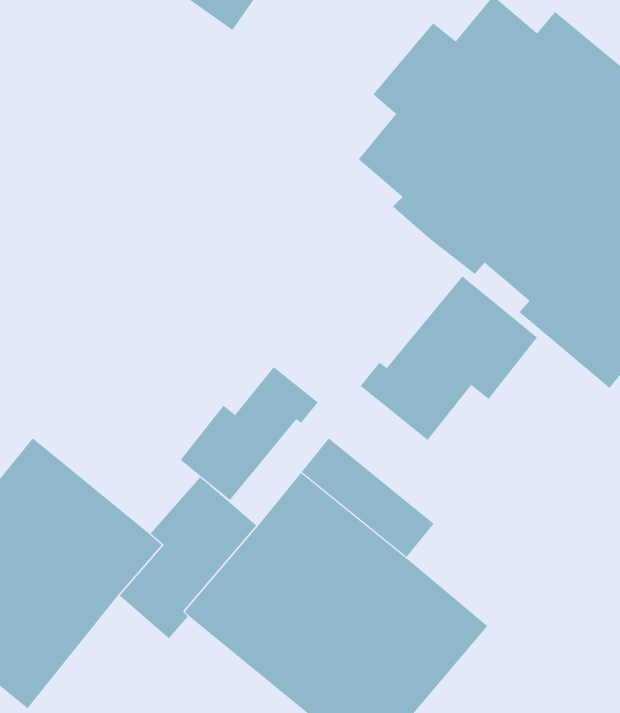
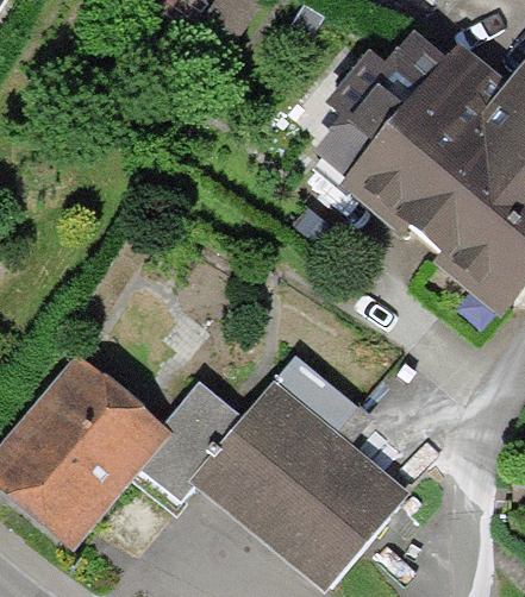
building: [360,275,538,441] -> none
building: [180,366,319,501] -> none

